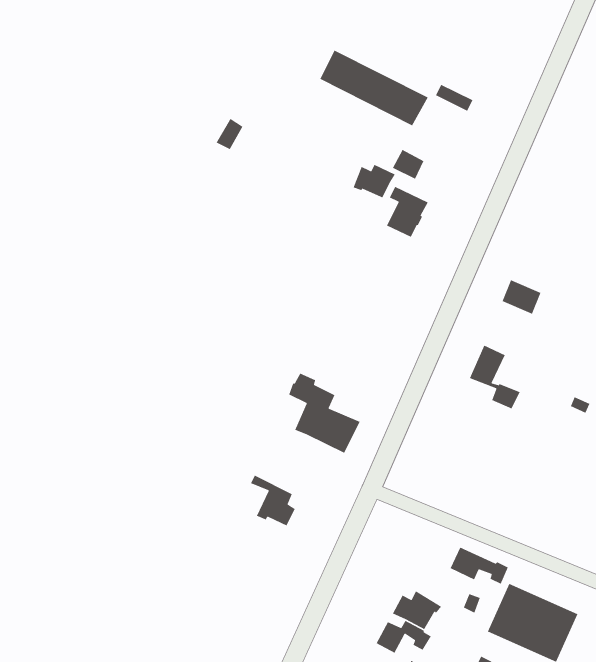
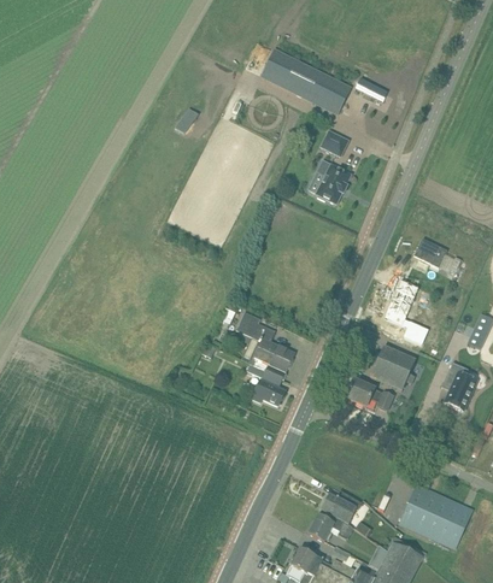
building: [353,164,396,199] -> none
building: none -> [370,346,415,389]
building: none -> [442,361,477,408]
building: [250,475,296,526] -> [247,363,284,405]
building: [449,546,509,585] -> [345,378,393,410]

